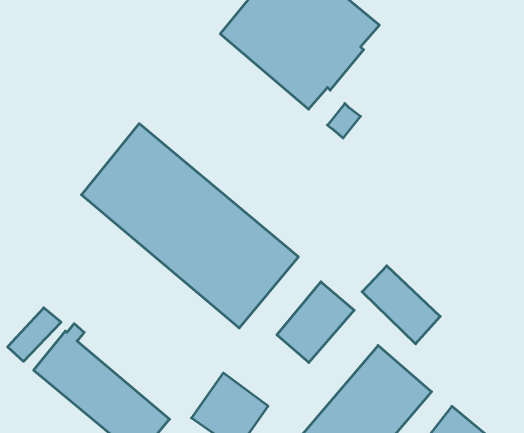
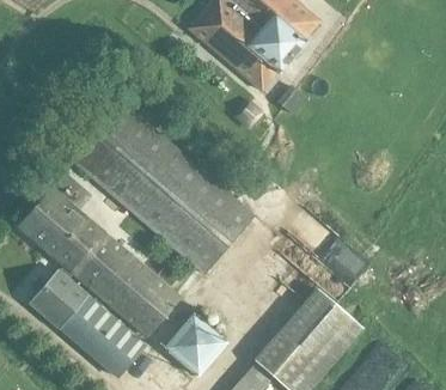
building: none -> [18,190,179,336]
building: [277,282,354,363] -> none

